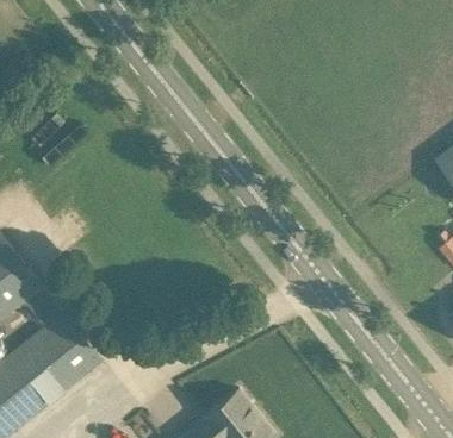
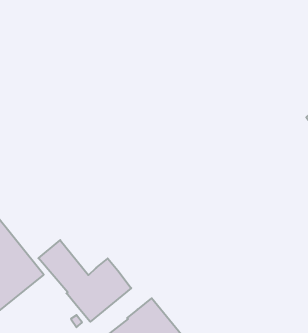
building: none -> [38,240,131,322]

